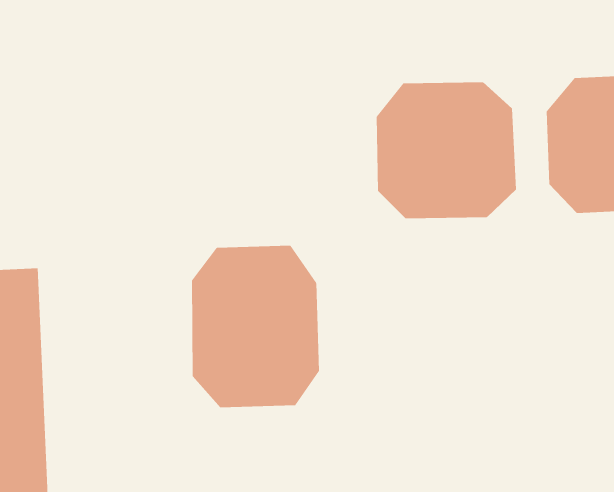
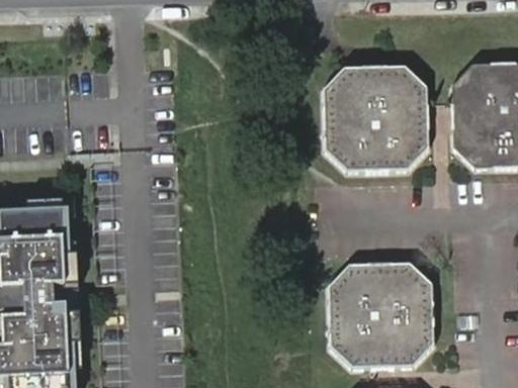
building: [191,245,319,408] -> none
building: none -> [329,262,436,367]

